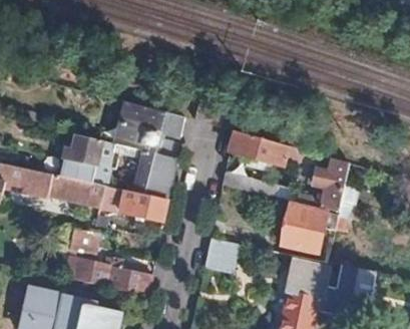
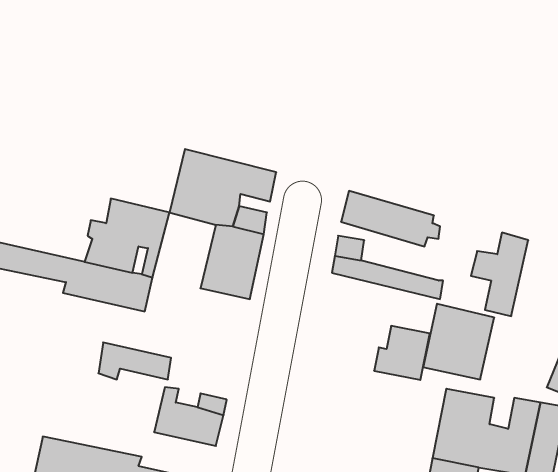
building: [99,186,167,221] -> none
building: [202,238,239,273] -> [374,326,430,380]
building: [63,255,112,286] -> none

